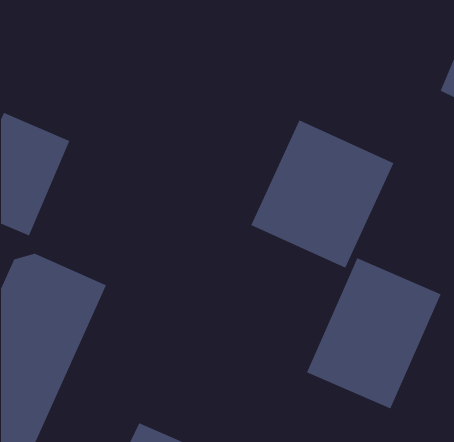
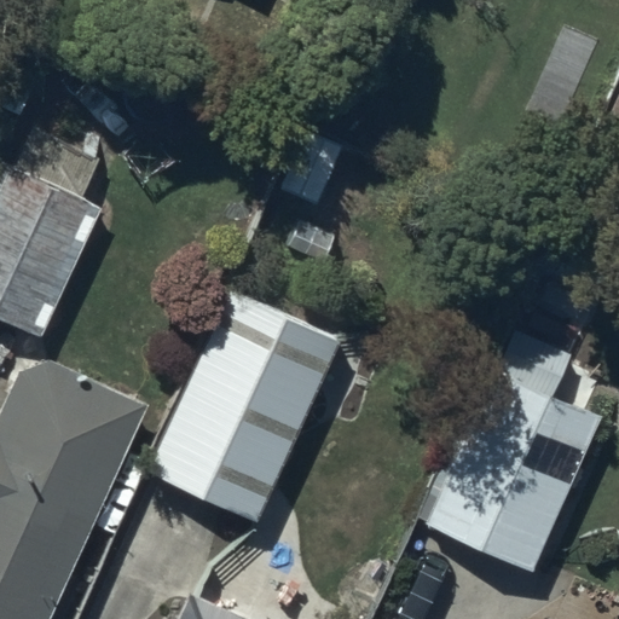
building: [251,120,394,269] -> none
building: none -> [145,291,337,522]

